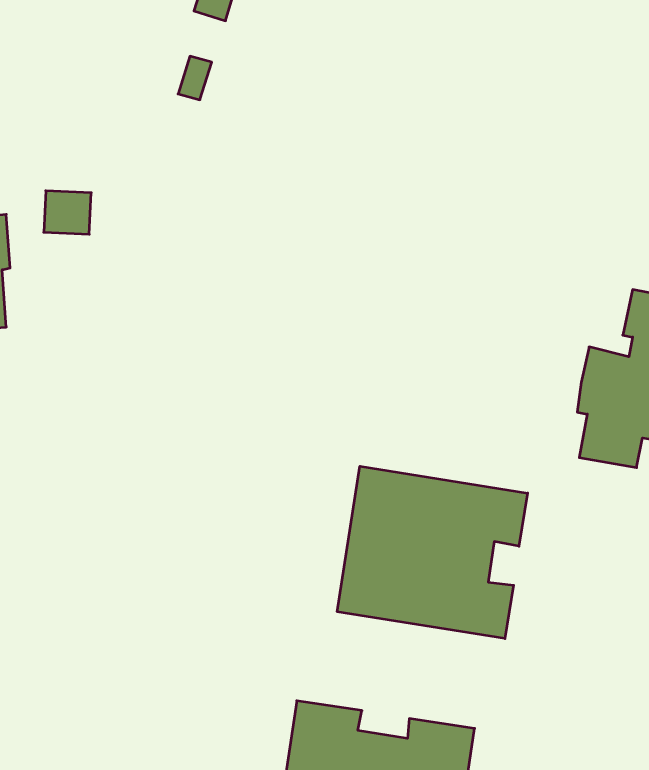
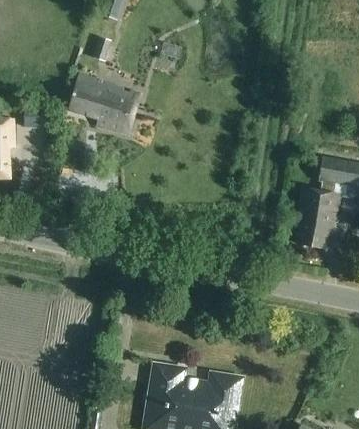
building: none -> [68,74,138,134]
building: [337,466,528,639] -> none

